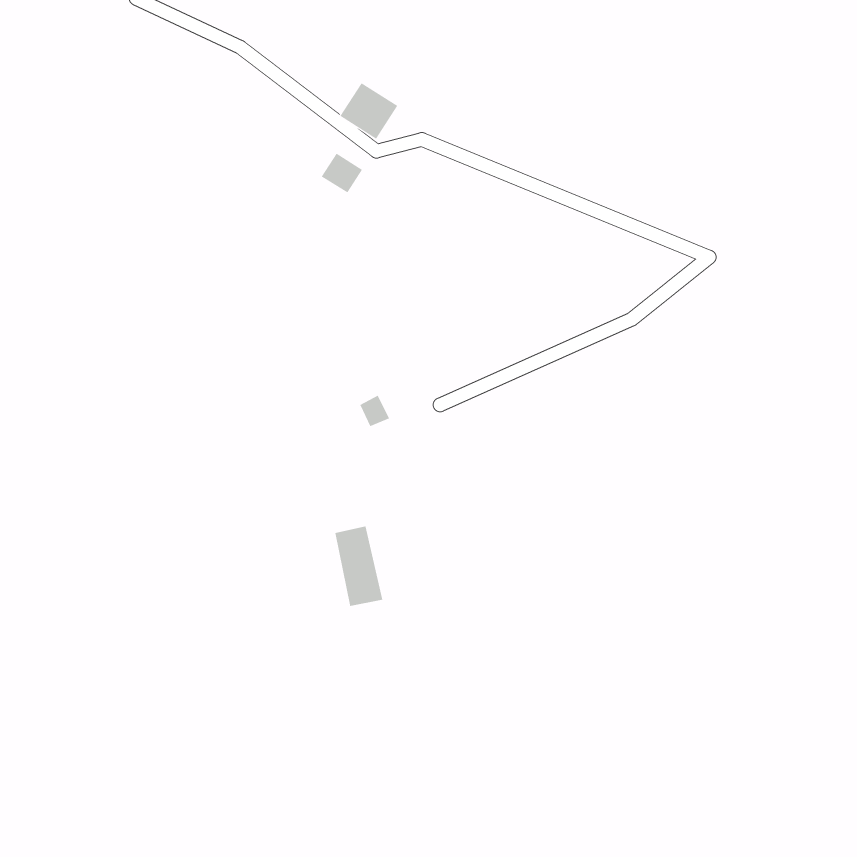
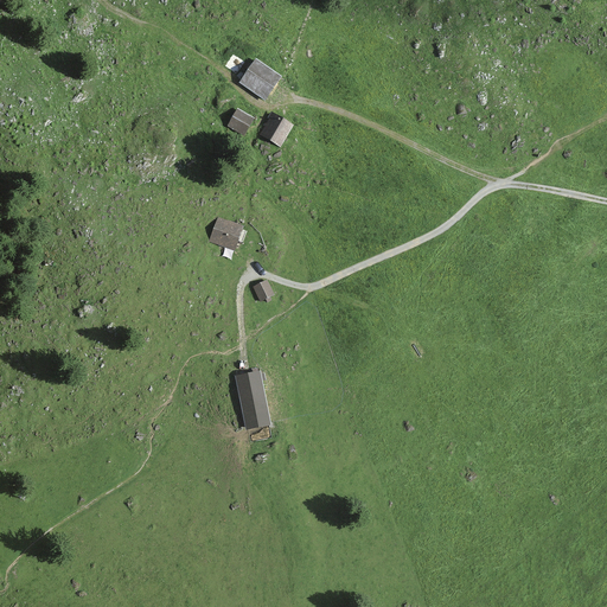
building: none -> [260,113,290,145]
building: none -> [210,218,243,248]

